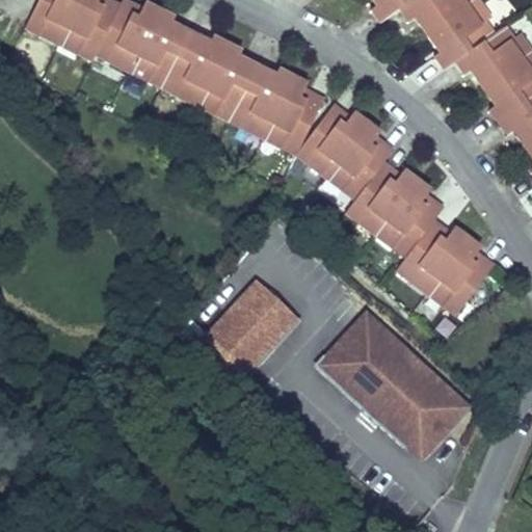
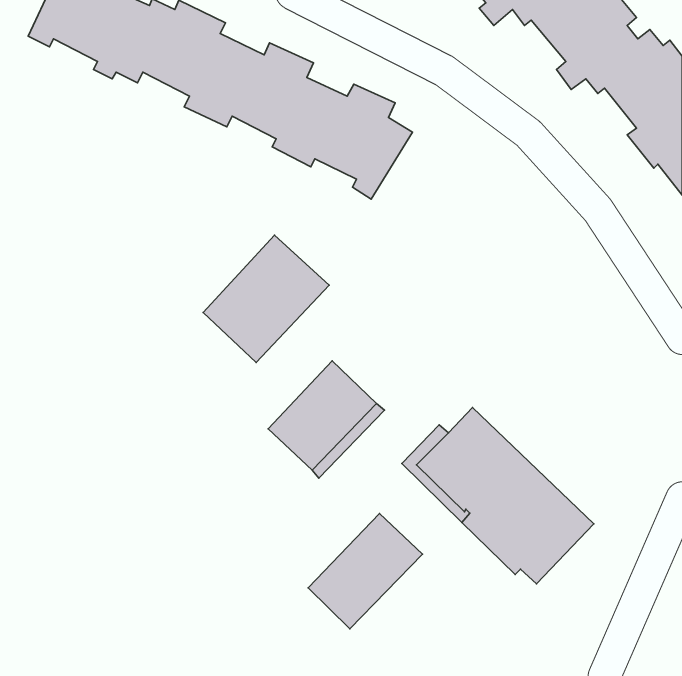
building: [289,105,498,313] -> none
building: none -> [203,235,329,363]
building: none -> [308,514,422,629]

